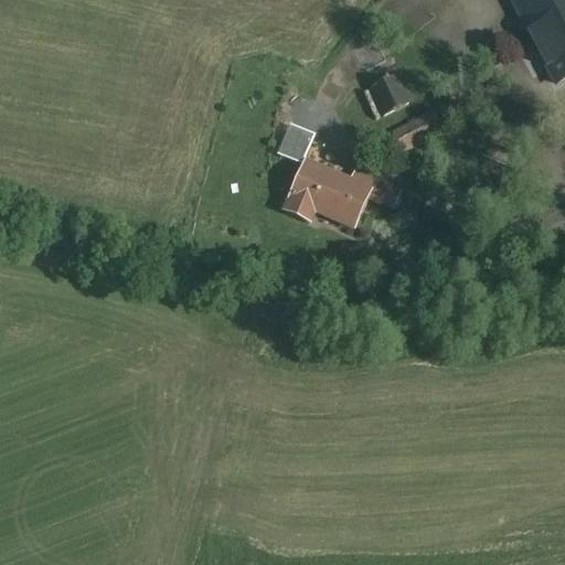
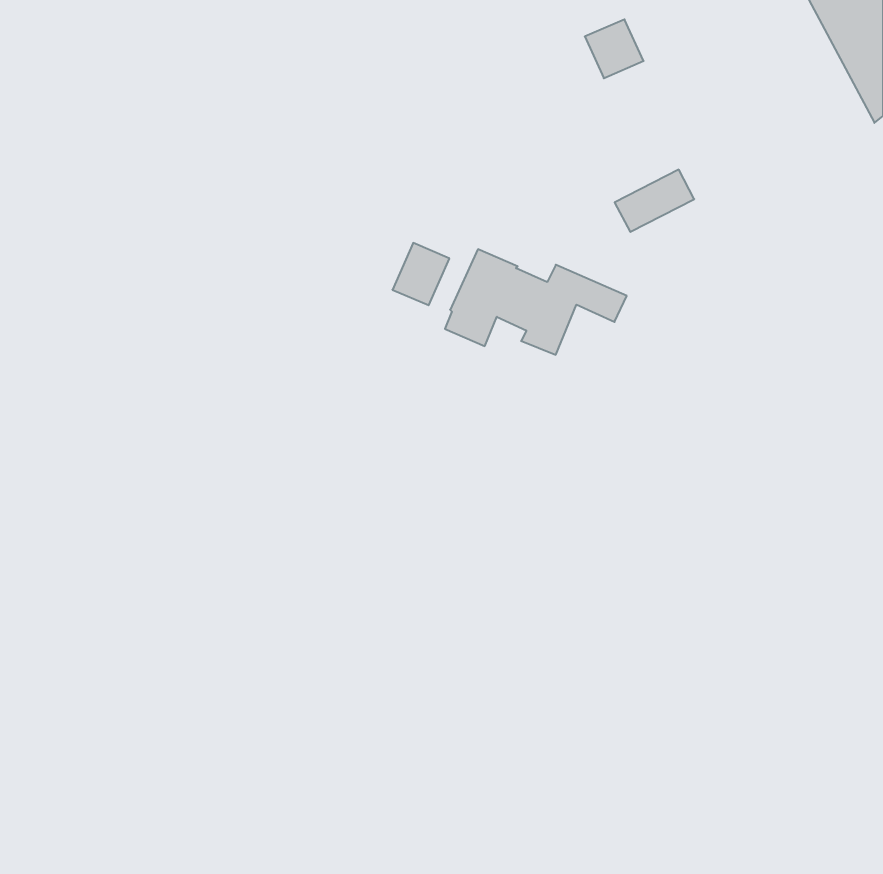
building: [370,73,407,110] -> [585,19,644,78]
building: [278,122,315,162] -> [392,243,449,305]

